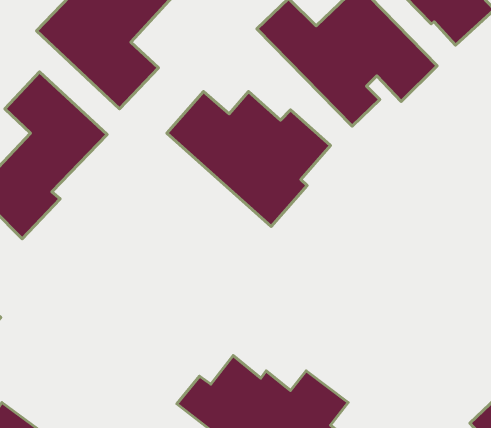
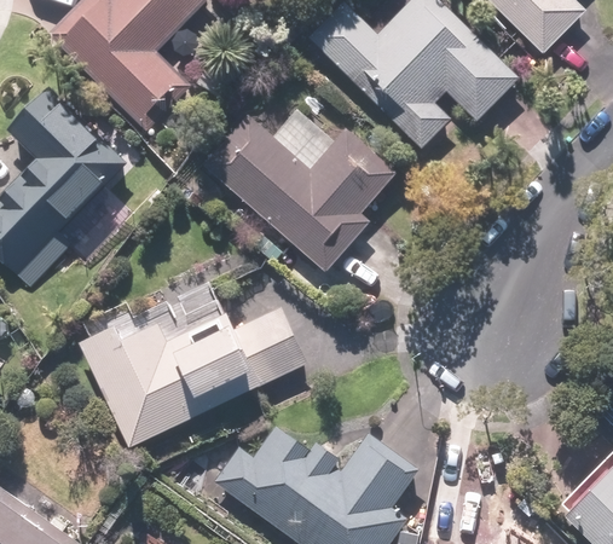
building: none -> [75,282,310,450]

